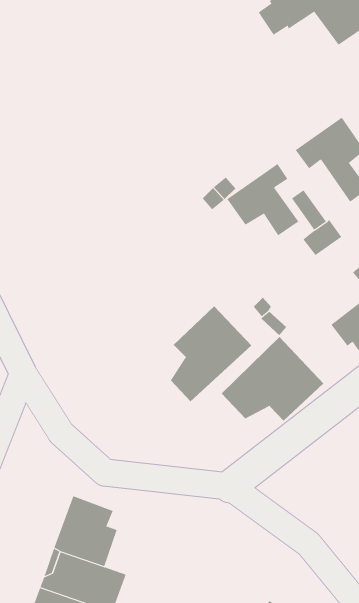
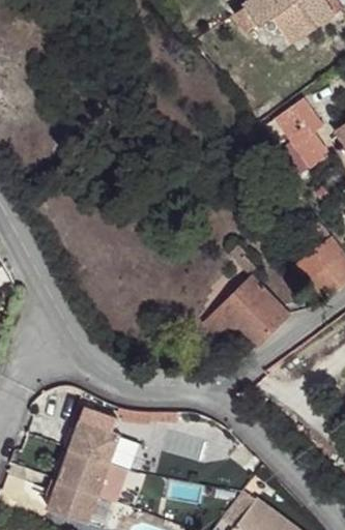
building: [226,163,299,236] -> none
building: [170,305,252,402] -> none

